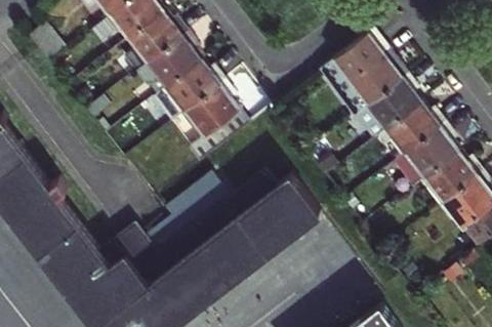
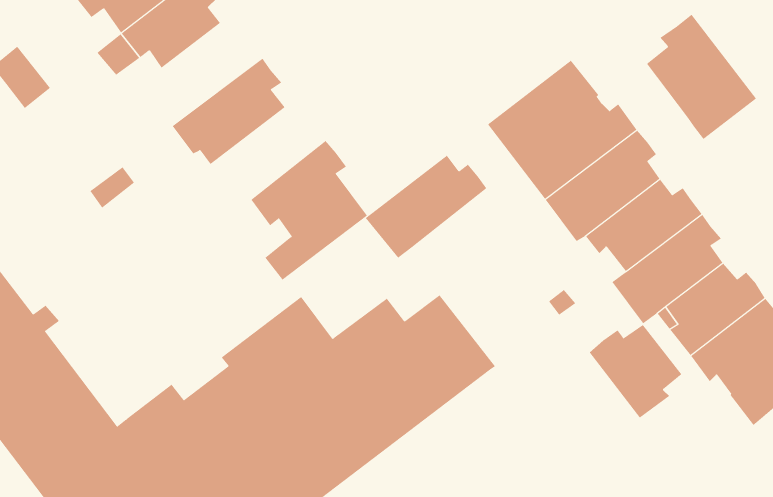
building: none -> [646,14,757,140]
building: [119,18,191,79] -> none
building: [156,68,228,128] -> [365,155,487,258]
building: none -> [589,324,682,419]

